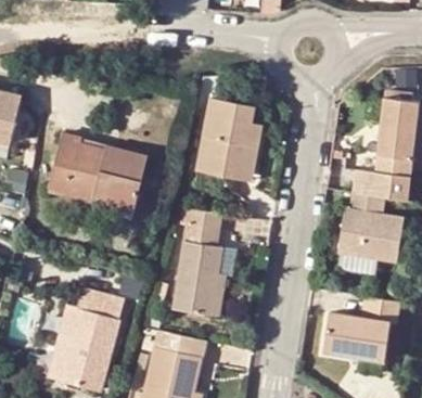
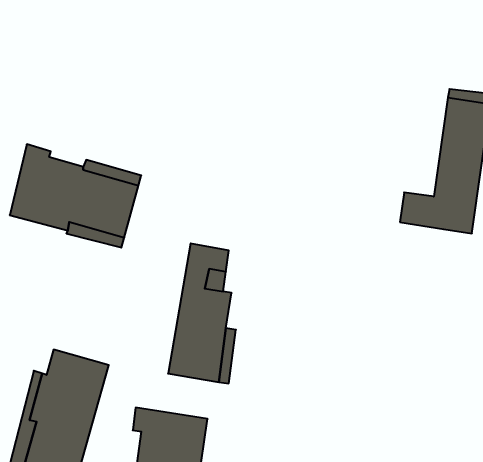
building: [193,99,259,194] -> none
building: [336,192,402,261] -> none
building: [323,295,398,358] -> none

